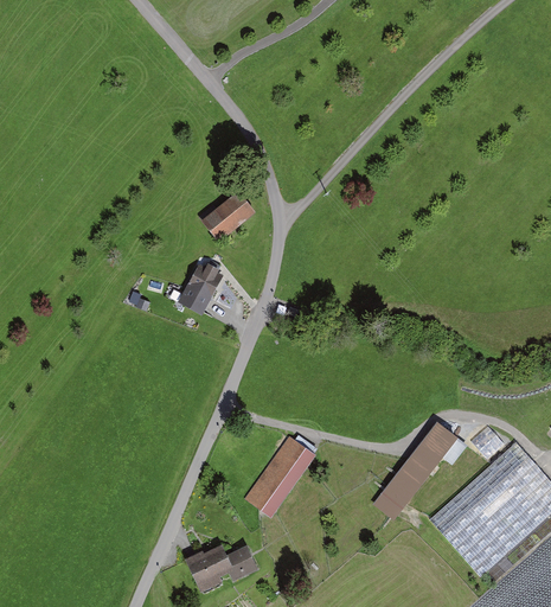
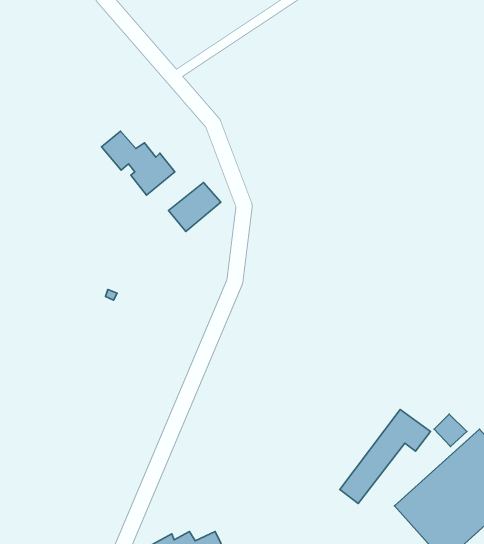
building: none -> [102,131,175,195]
building: [178,261,222,314] -> none
building: [244,434,314,517] -> none

